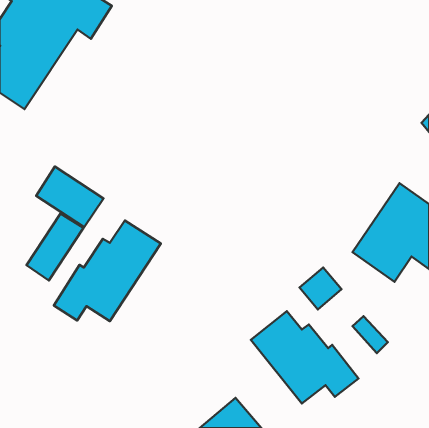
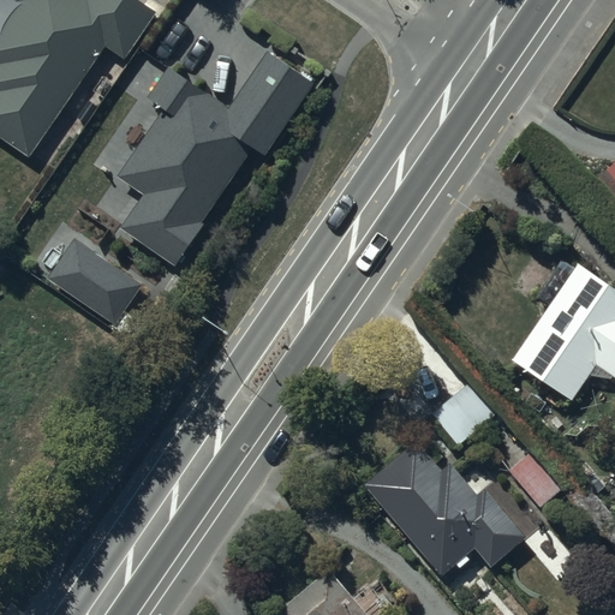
building: none -> [121,54,317,263]
building: [26,213,84,281] -> none
building: [54,220,161,321] -> none

